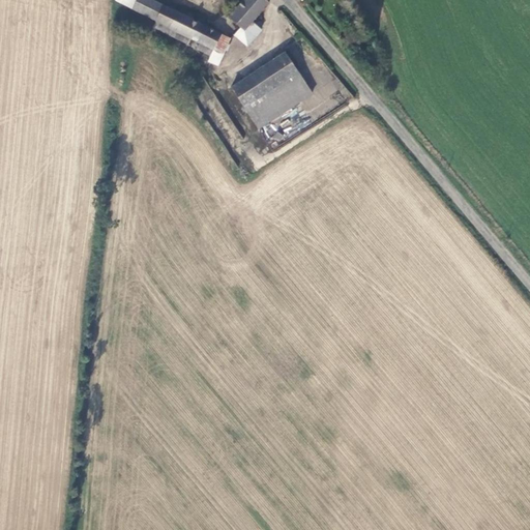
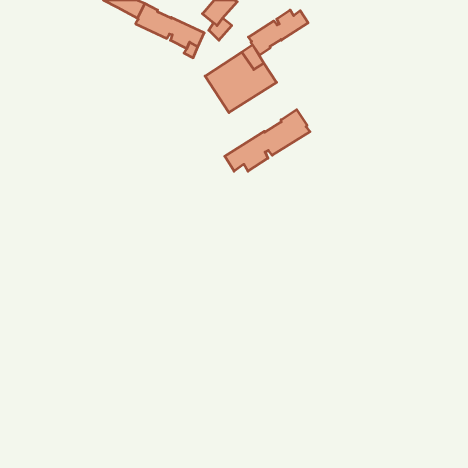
building: none -> [248,10,308,55]
building: none -> [225,110,310,171]

